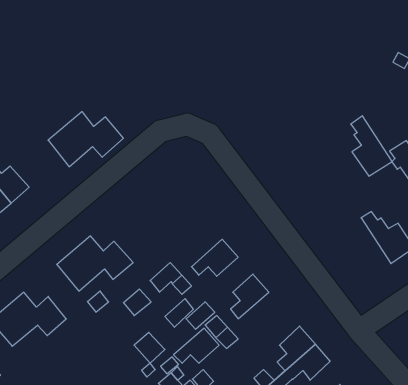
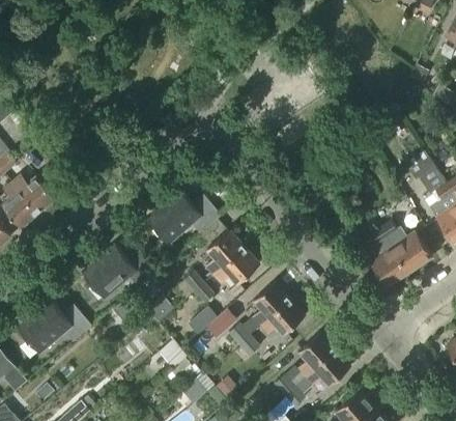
building: [48,112,123,167] -> [147,191,221,245]
building: [351,116,392,176] -> [368,228,408,287]
building: none -> [205,231,244,276]
building: [174,328,219,363] -> [259,301,304,335]

